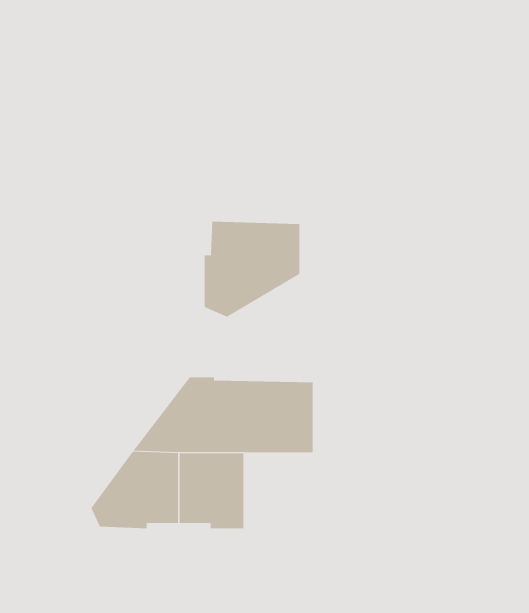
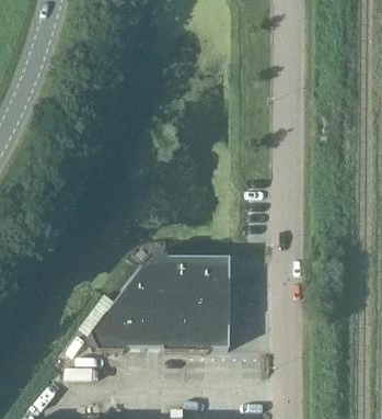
building: [204,221,300,318] -> none
building: none -> [185,302,229,350]

